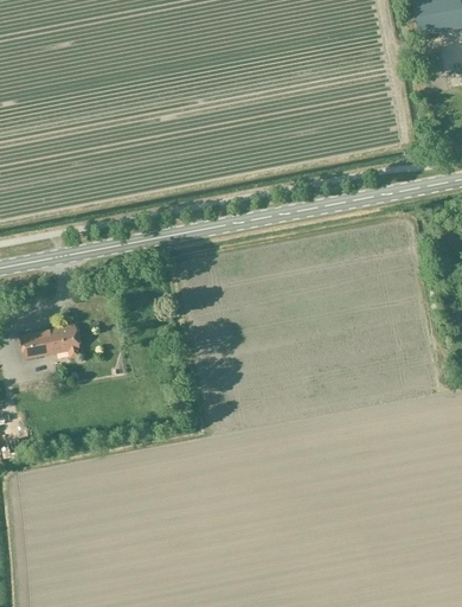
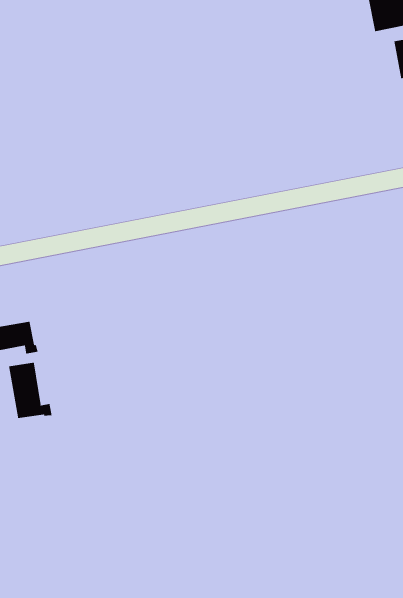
building: none -> [9,362,52,419]

